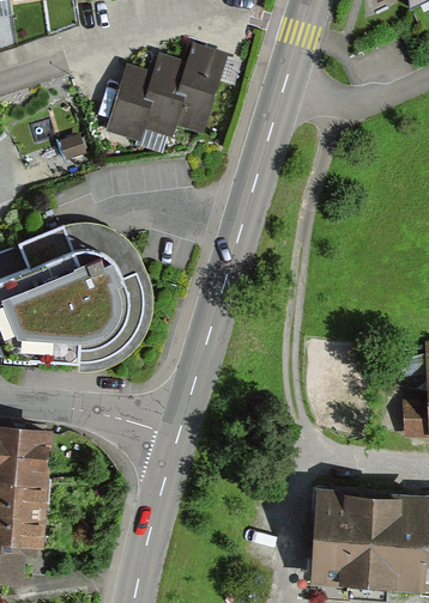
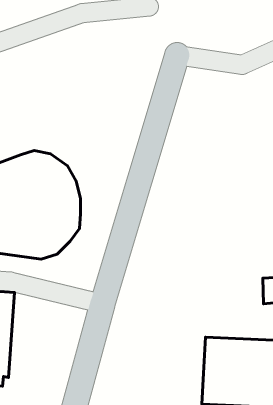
building: [105,47,224,142] -> none

